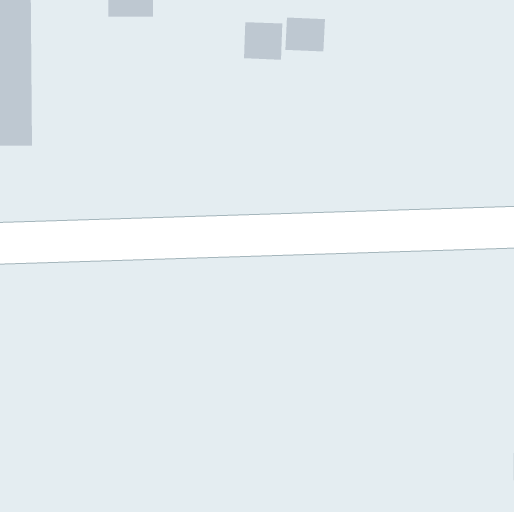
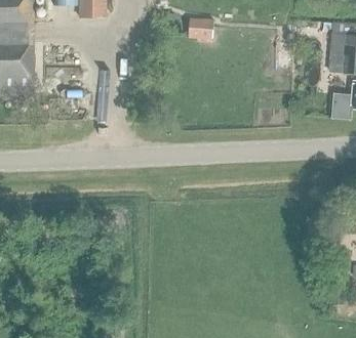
building: [244,21,283,61] -> none

